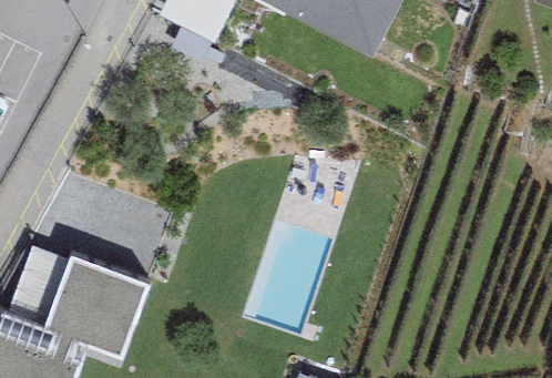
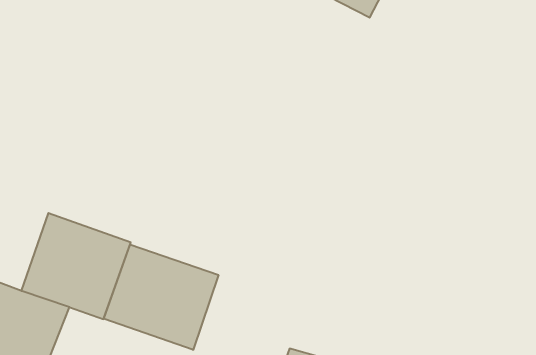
building: none -> [104,245,218,350]

